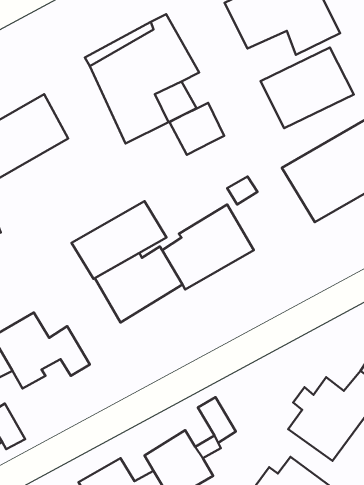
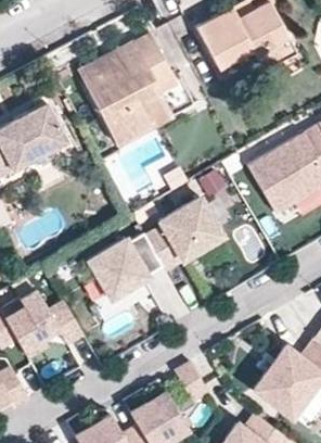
building: [260,48,354,128] -> none
building: [169,103,224,155] -> none
building: [72,201,166,279] -> none

